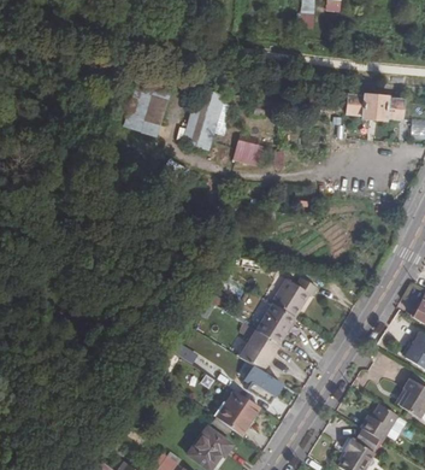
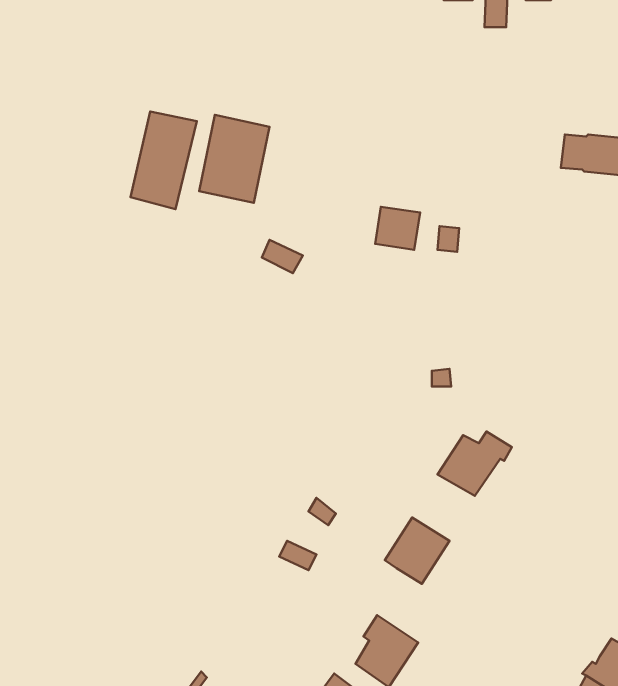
building: [183,89,224,149] -> [130,111,197,209]
building: [255,304,294,345] -> none
building: [234,362,279,401] -> none

